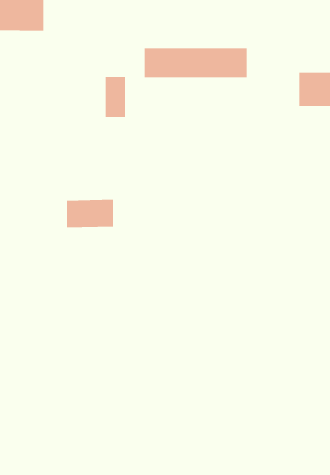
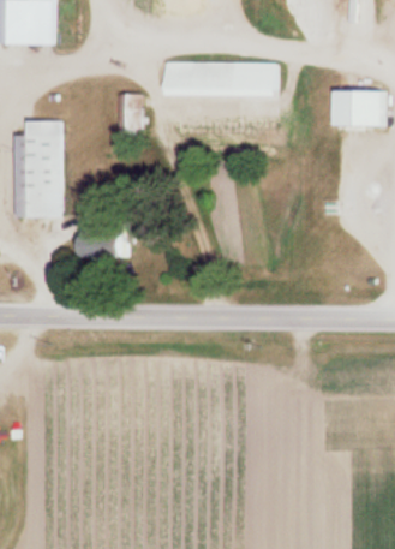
building: none -> [17,120,61,219]

